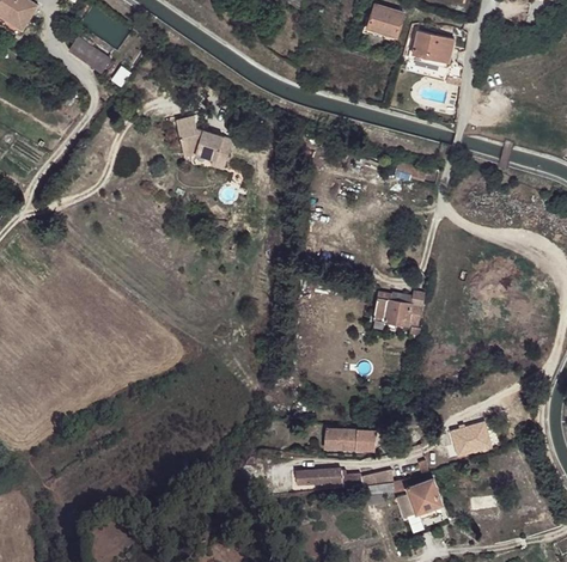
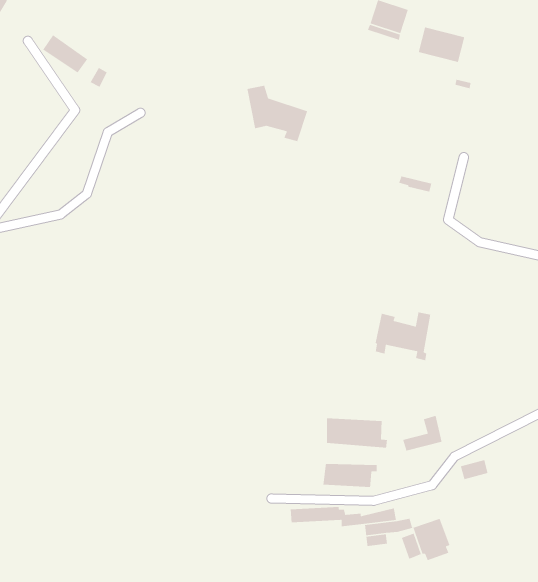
building: [176,116,232,169] -> [247,85,308,142]
building: none -> [326,417,388,449]
building: [453,422,490,456] -> [402,415,443,451]

